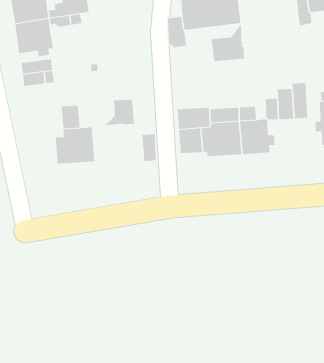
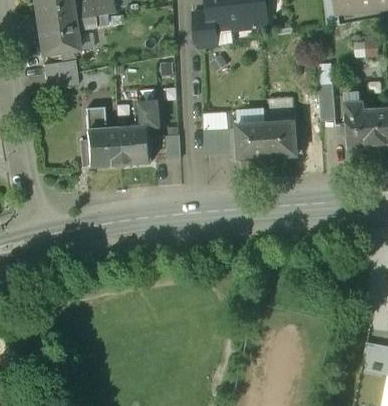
building: [211,23,245,62] -> none
building: none -> [117,126,151,164]

